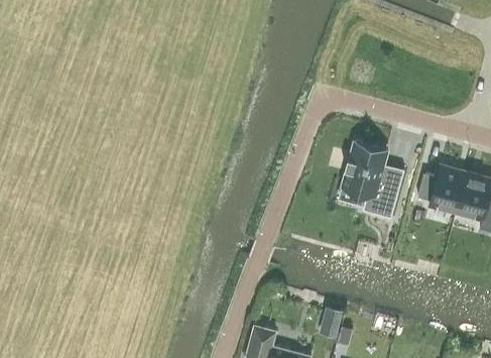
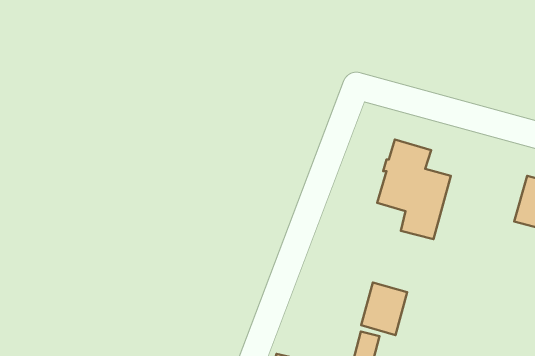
building: [417,166,470,213] -> none
building: none -> [361,282,407,335]

